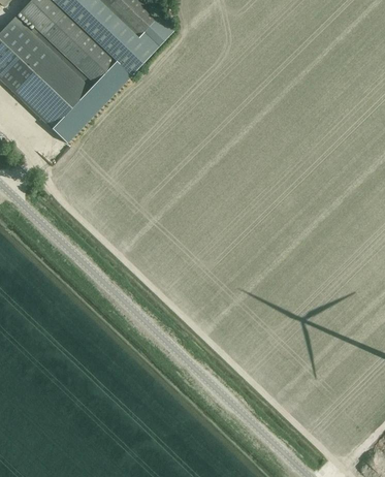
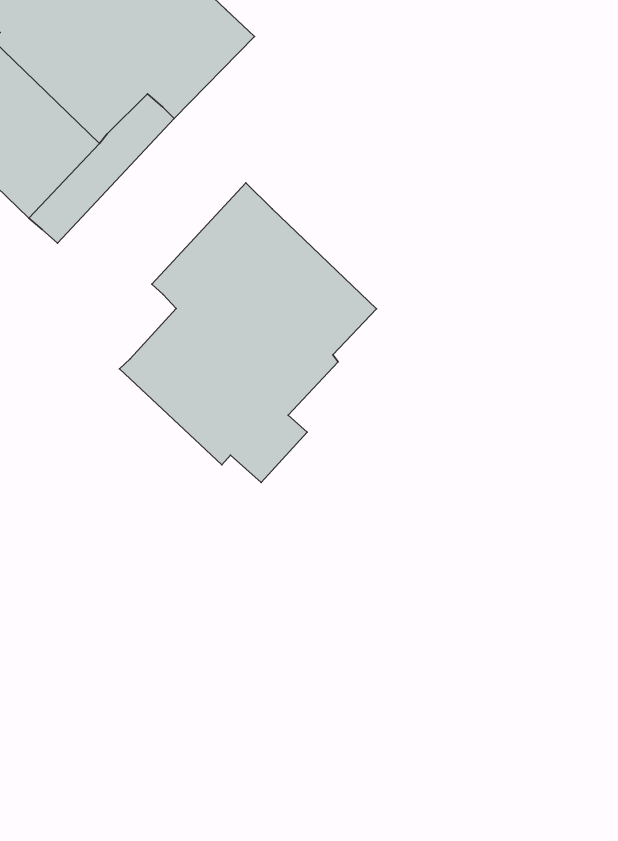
building: none -> [119,183,376,483]

